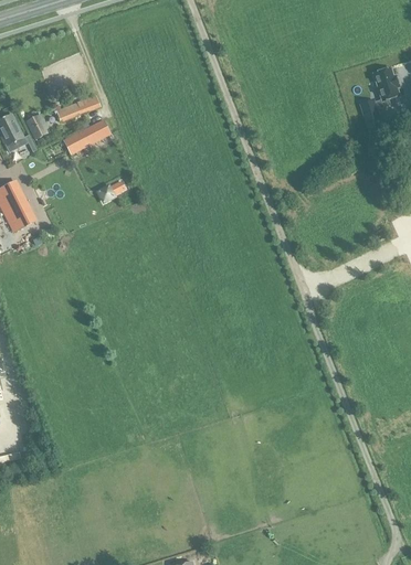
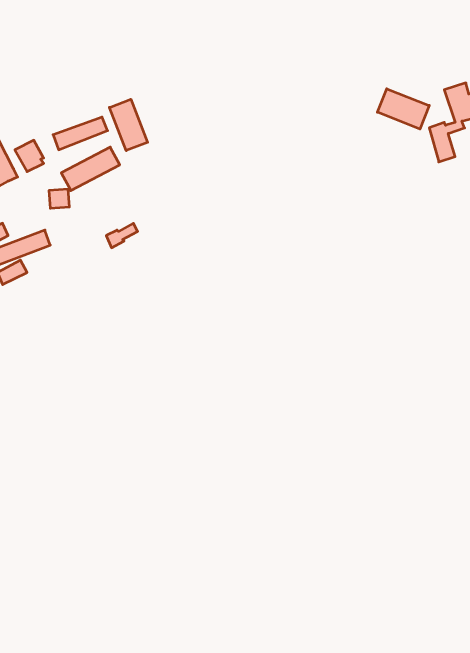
building: none -> [377,89,429,129]
building: none -> [109,99,148,151]

